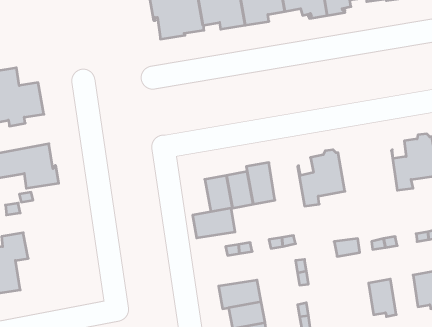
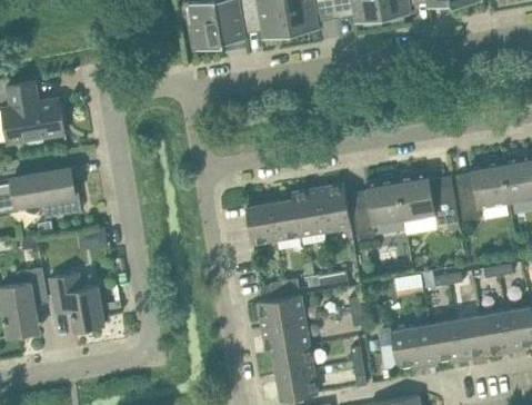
building: none -> [397,171,459,226]
building: none -> [319,185,351,231]
building: [193,208,235,238] -> [258,295,305,328]
building: none -> [50,274,122,330]
building: none -> [455,316,486,360]
building: none -> [392,325,439,369]

